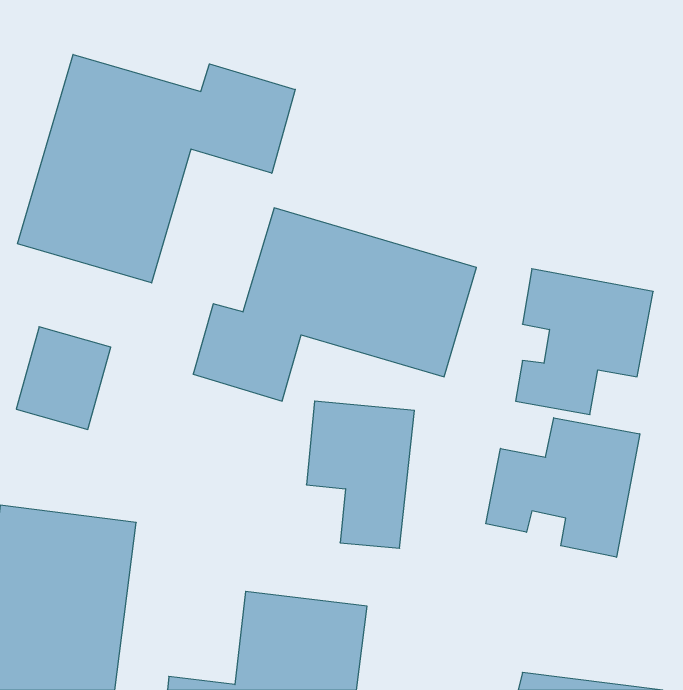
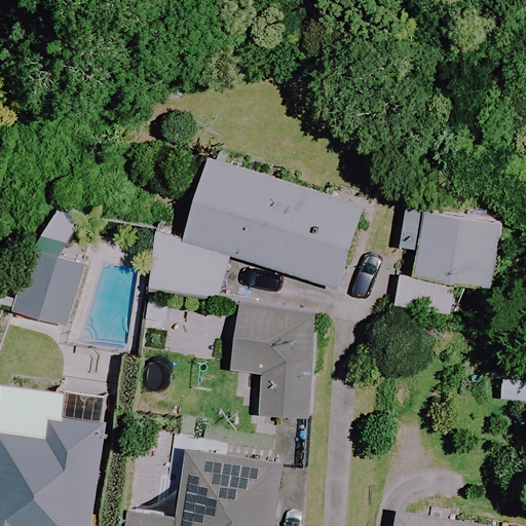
building: [18,54,295,283] -> none
building: [486,418,640,557] -> none

